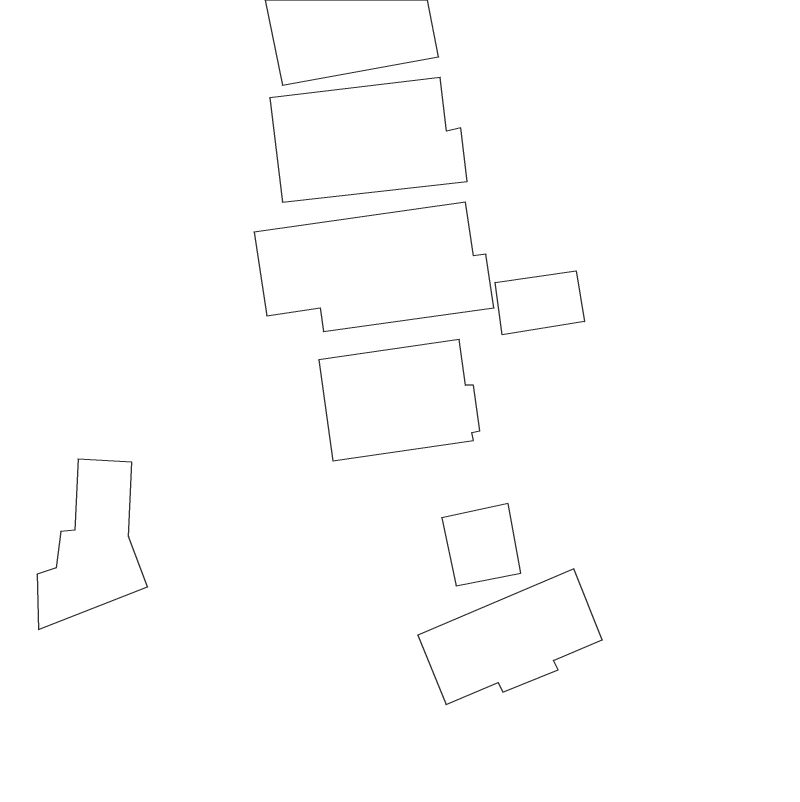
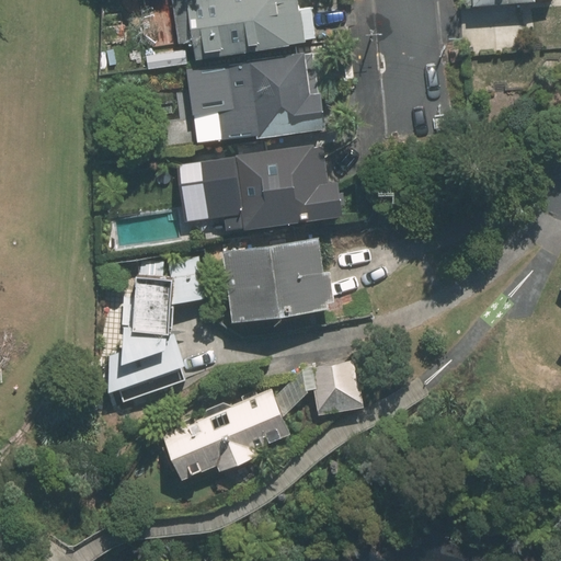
building: [495,271,584,335] -> none
building: [37,459,148,630] -> [107,276,184,394]
building: [418,569,602,705] -> [160,387,288,481]

